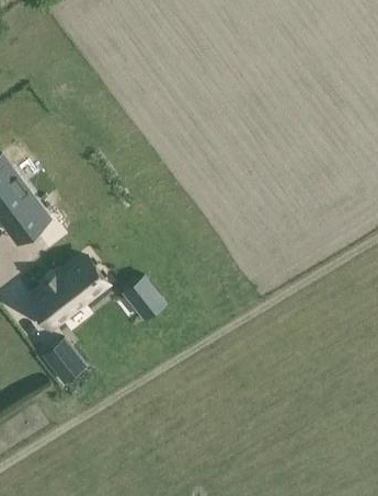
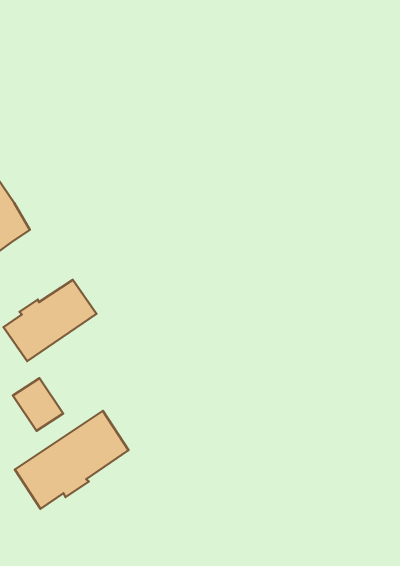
building: [123,276,164,320] -> none
building: none -> [15,411,128,509]

